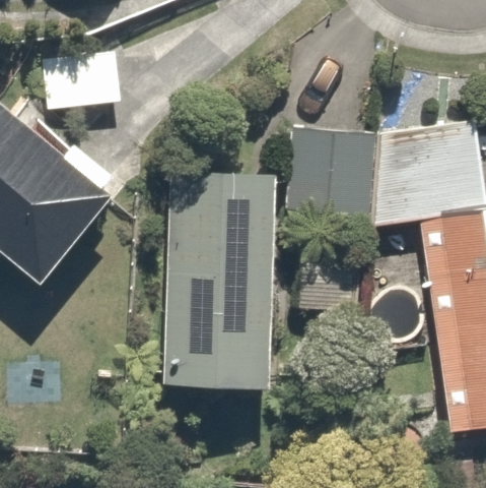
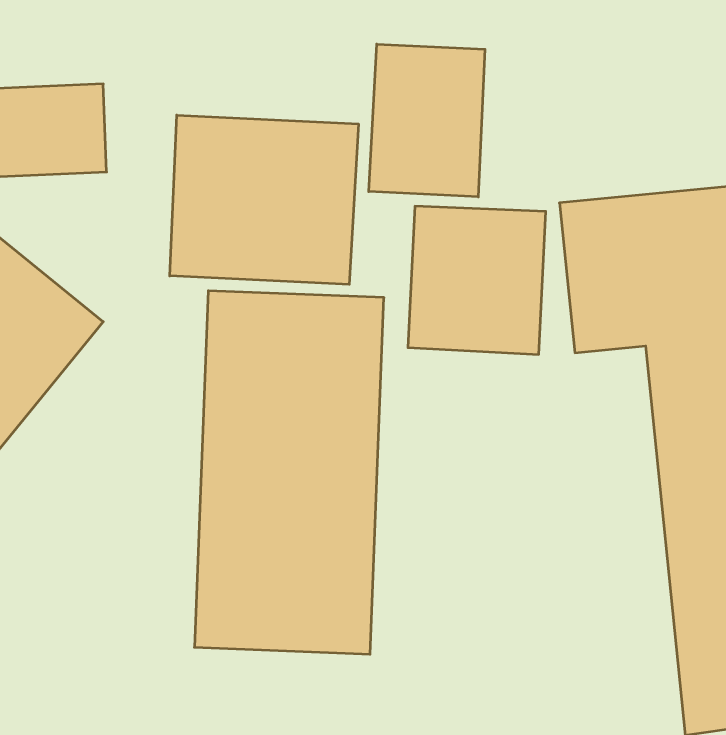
building: none -> [369,44,485,197]
building: none -> [170,115,358,284]

